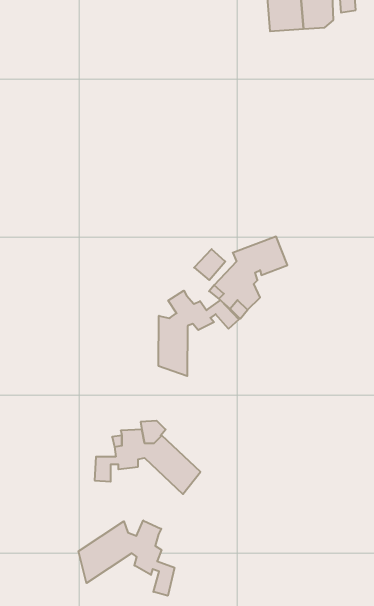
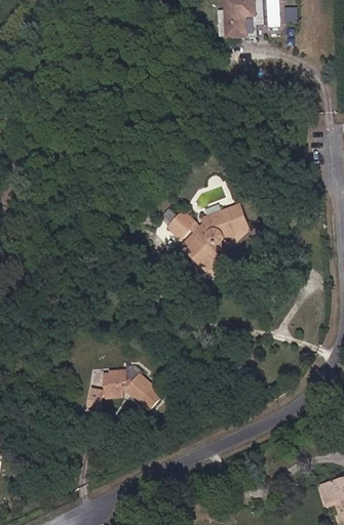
building: [159,291,239,376] -> none
building: [79,520,174,596] -> none

